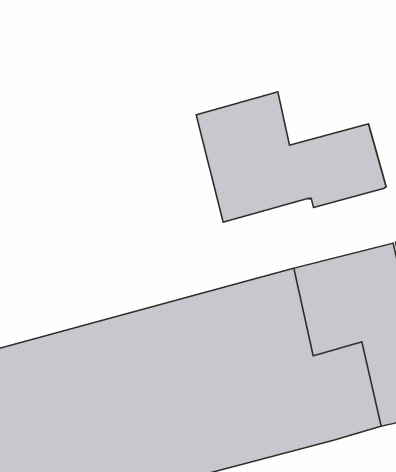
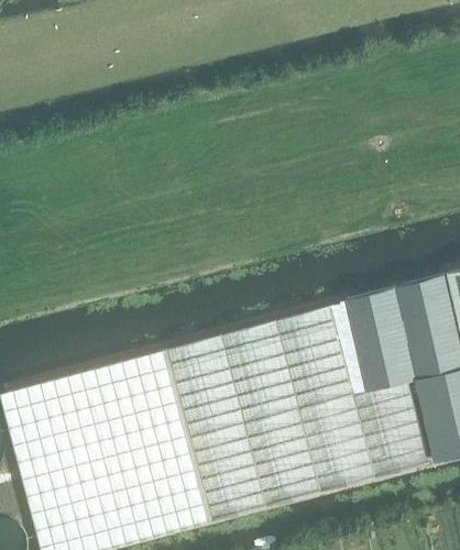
building: [196,92,386,222] -> none

